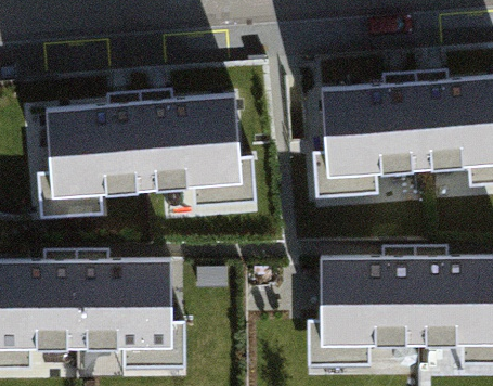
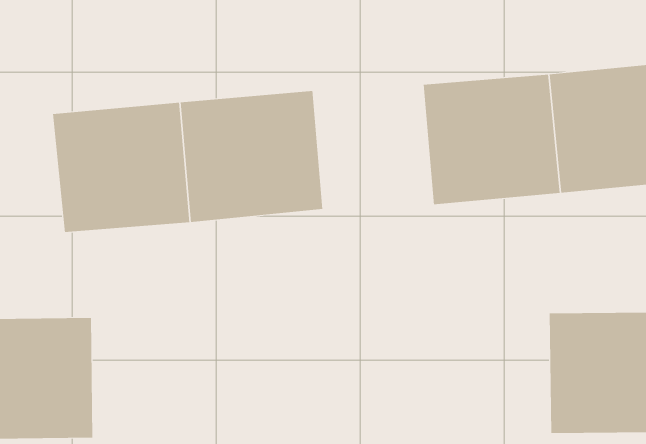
building: [319,260,414,350] -> none
building: [75,262,176,352] -> none

